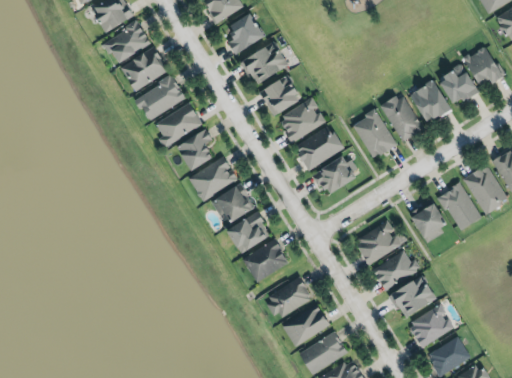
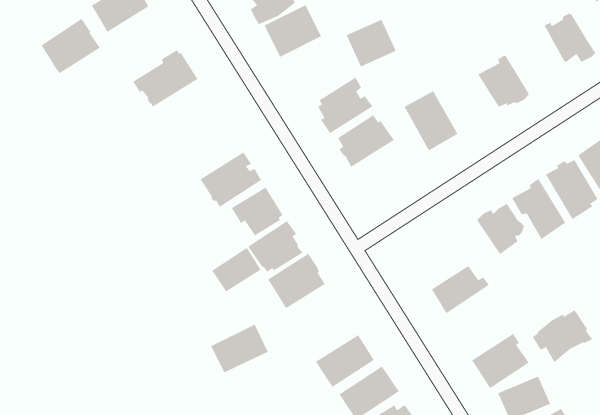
building: [121,48,169,93] -> [41,18,101,74]
building: [436,64,473,102] -> none
building: [257,75,298,114] -> [346,19,397,67]
building: [380,92,420,141] -> none
building: [153,102,201,147] -> none
building: [177,131,213,174] -> none
building: [310,154,358,194] -> none
building: [357,218,407,263] -> none
building: none -> [211,247,262,293]
building: [388,272,437,315] -> [532,309,593,363]
building: [263,277,310,317] -> [210,323,269,373]

